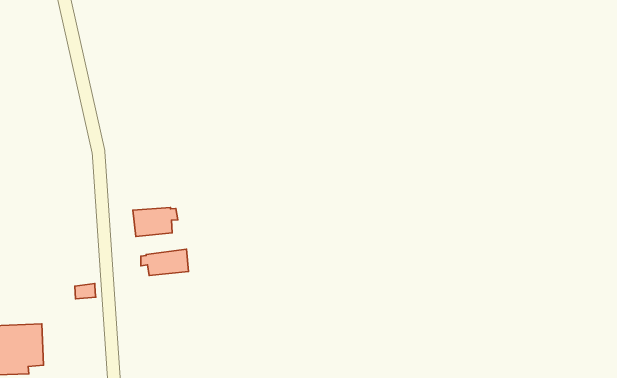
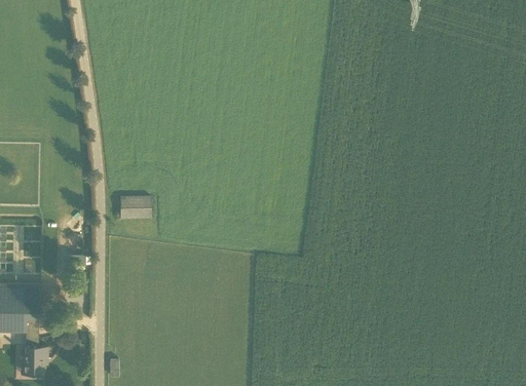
building: [141,249,188,275] -> none

